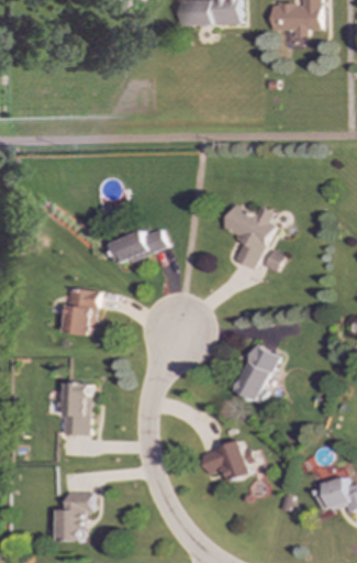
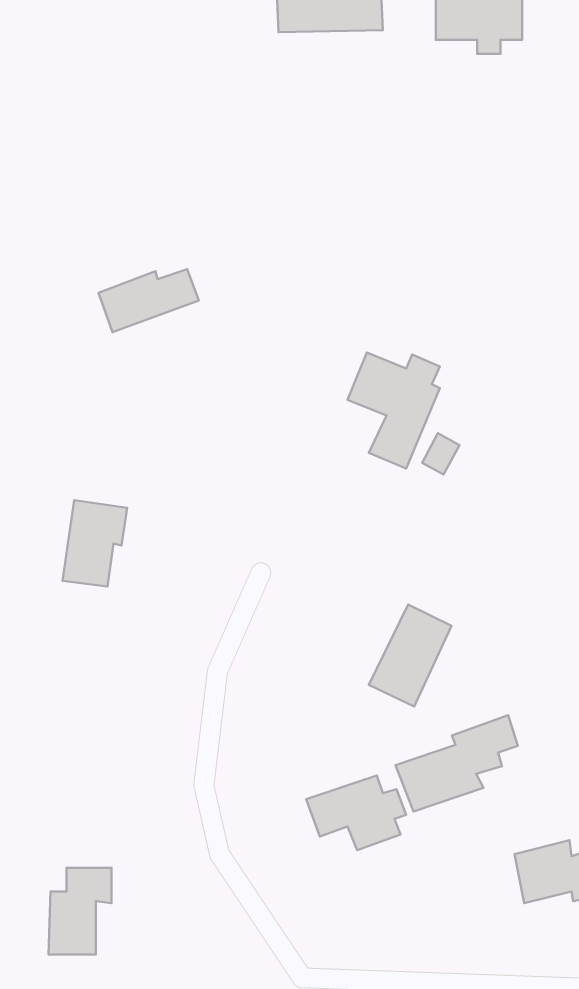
building: [111,230,167,265] -> [99,269,199,332]
building: [58,383,90,435] -> none
building: none -> [396,715,518,811]

